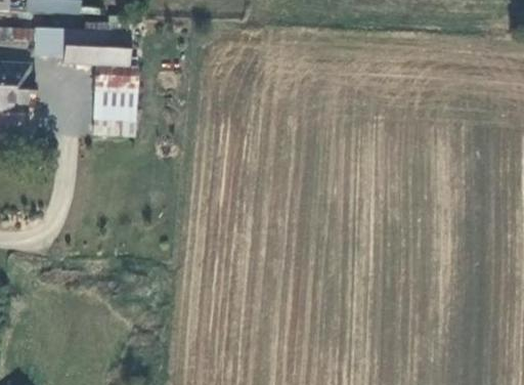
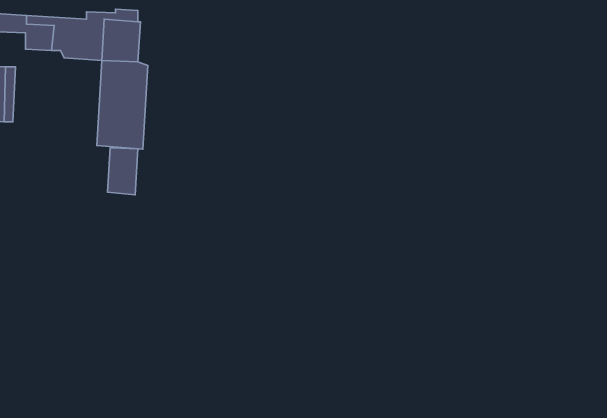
building: none -> [107,148,138,195]

